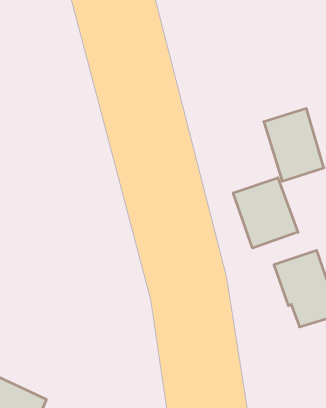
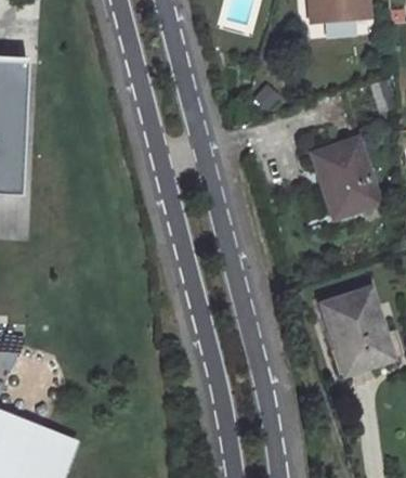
building: [233,178,298,248] -> none

